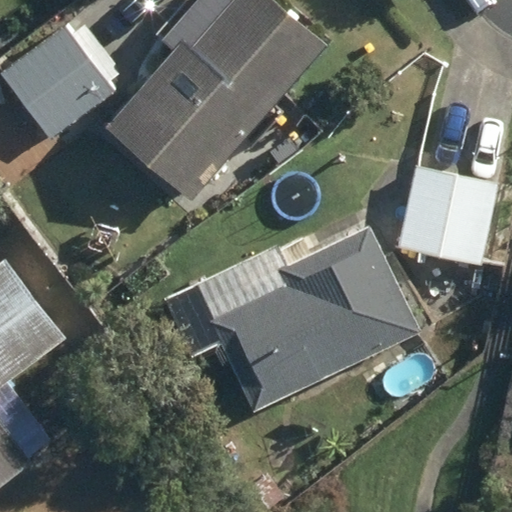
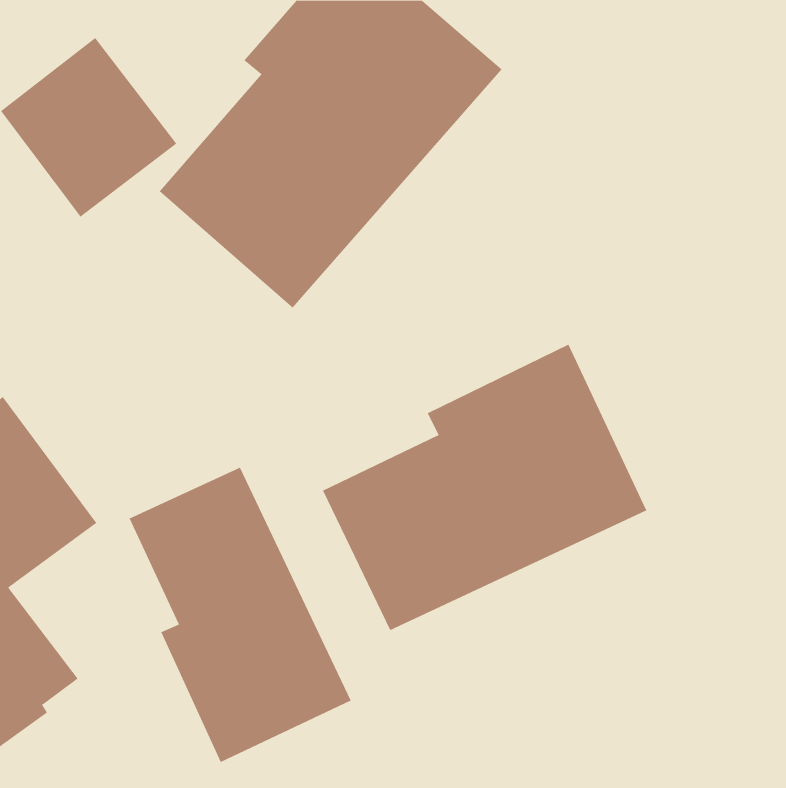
building: [397,165,498,264] -> none
building: none -> [129,467,352,763]

